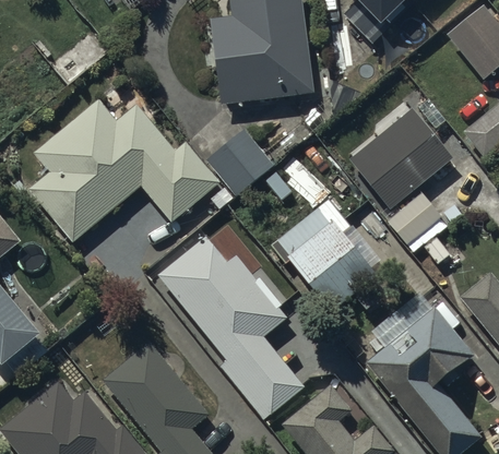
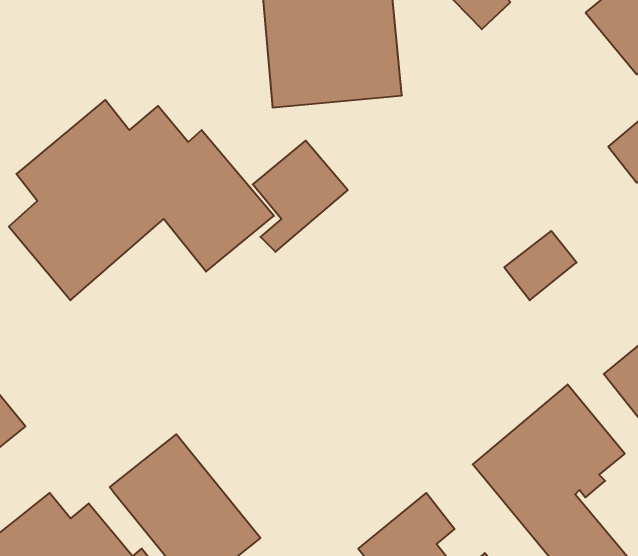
building: [352,109,453,210] -> none
building: [278,205,378,313] -> none
building: [158,237,304,419] -> none

